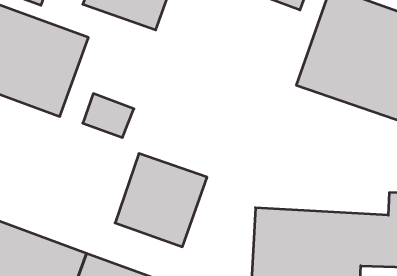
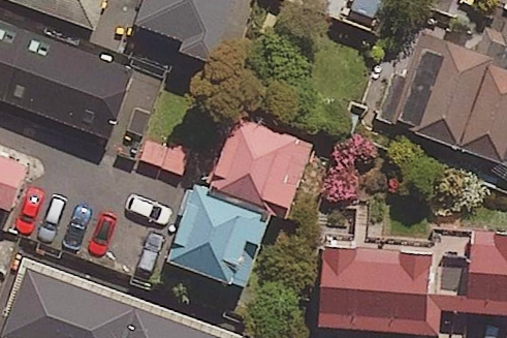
building: none -> [196,116,312,221]

